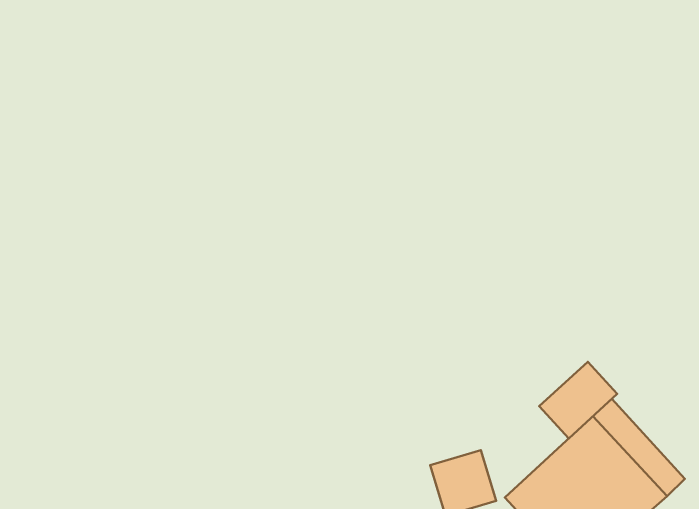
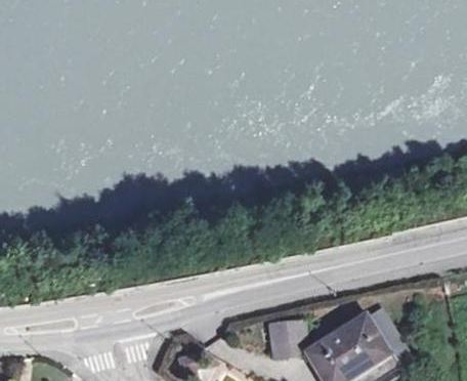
building: [539,362,617,438] -> none

